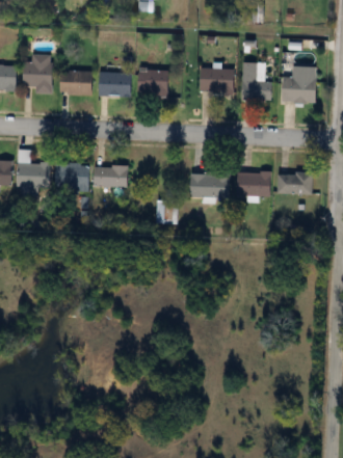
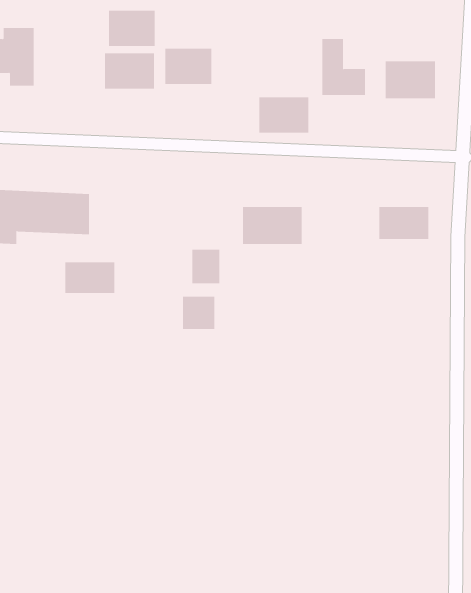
building: [200,69,233,92] -> [258,97,309,133]
building: [61,71,93,95] -> [108,10,156,46]
building: [95,165,128,186] -> [64,262,115,294]
building: [235,171,270,196] -> none
building: none -> [182,296,215,330]

